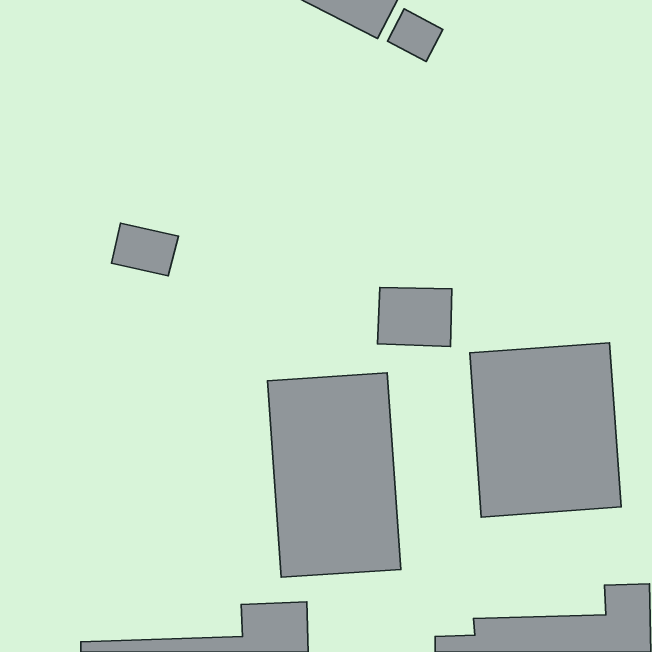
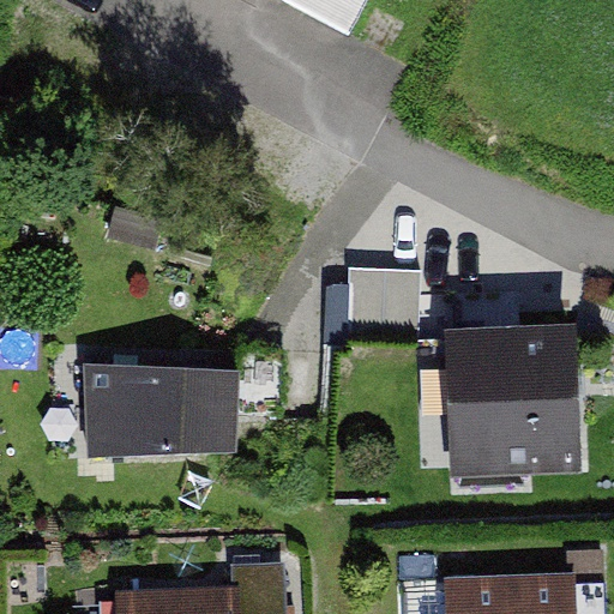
building: [267,373,401,577] -> none
building: none -> [83,350,239,459]

